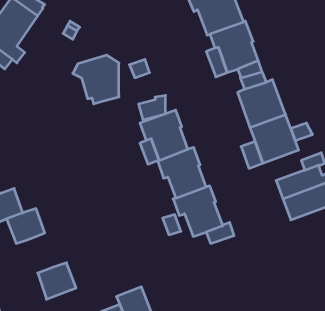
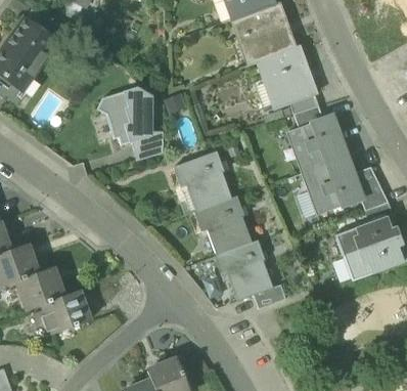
building: [139,95,166,120] -> [132,131,164,160]
building: none -> [358,180,389,211]
building: [38,263,76,299] -> [46,291,91,334]

